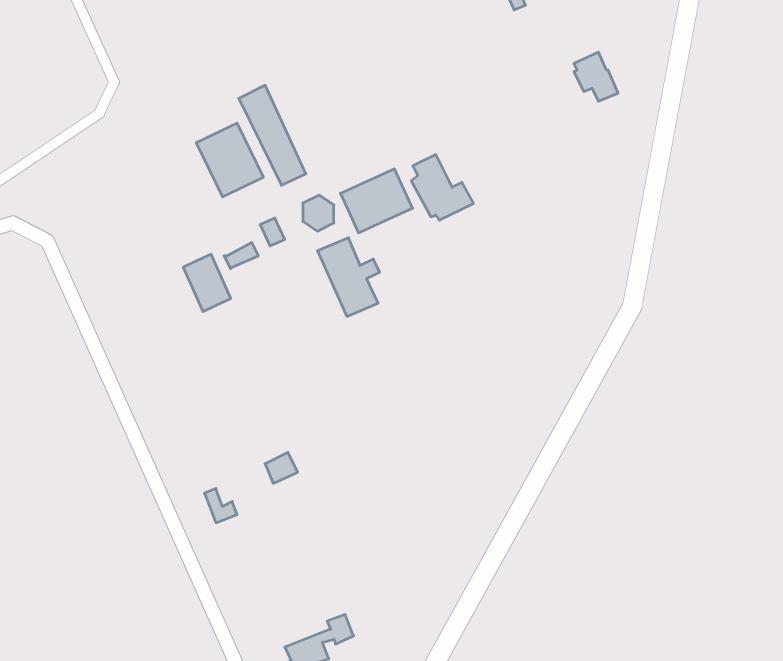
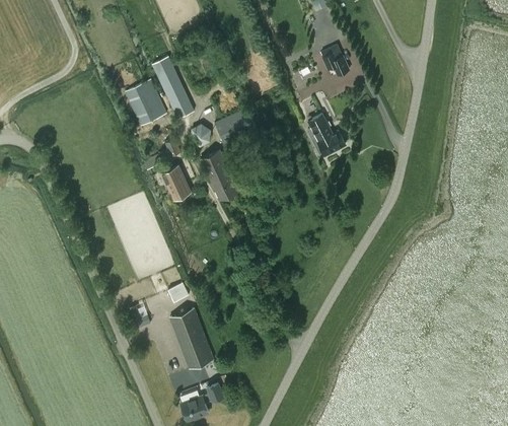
building: [574,52,618,101] -> [321,44,349,74]
building: [411,155,473,220] -> [307,115,346,155]
building: [183,254,231,312] -> [161,164,191,200]
building: none -> [170,307,213,368]

